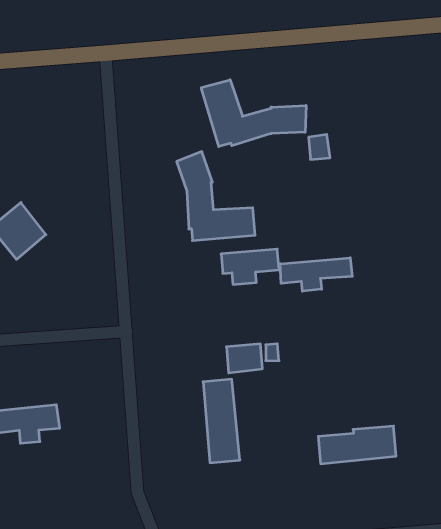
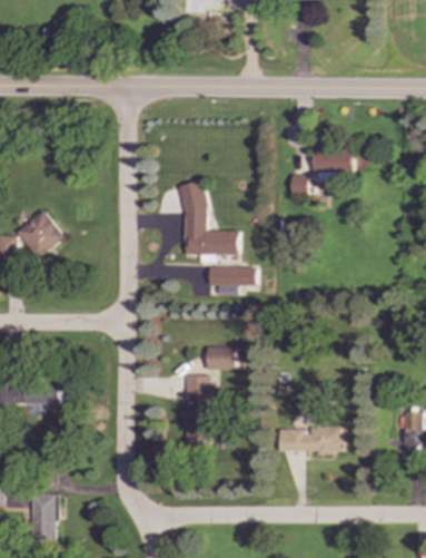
building: [201,80,306,147] -> none
building: none -> [313,147,353,172]
building: [280,258,352,291] -> none

